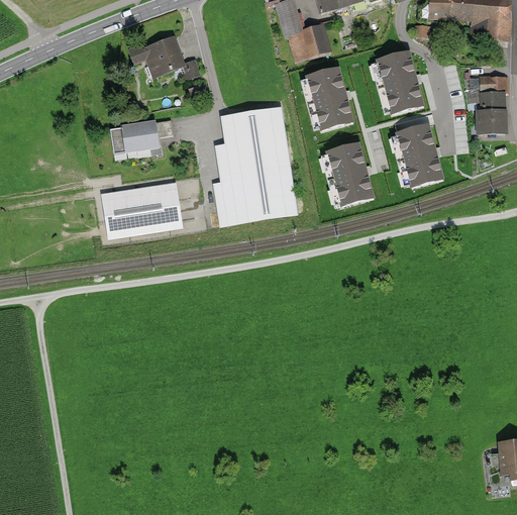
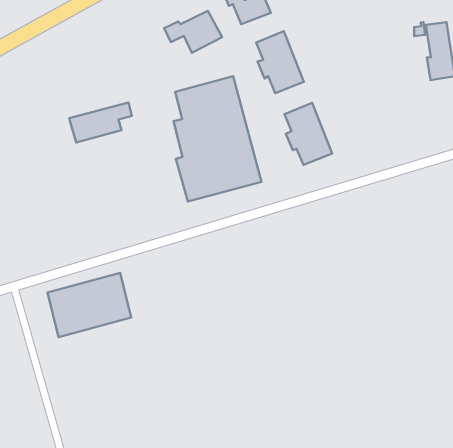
building: [130,35,188,76] -> [164,11,222,53]
building: [377,50,421,112] -> none
building: [397,123,442,186] -> none
building: [100,182,182,239] -> [47,273,131,337]

